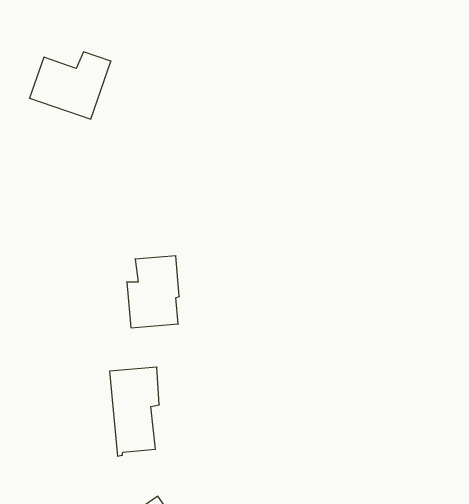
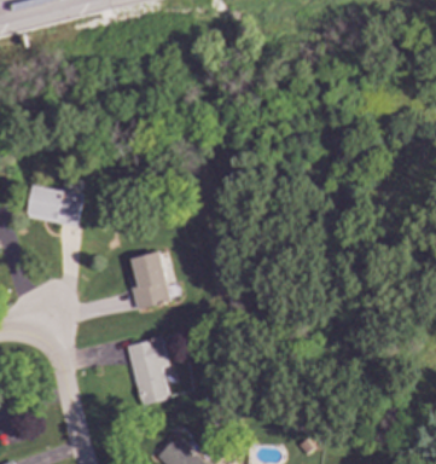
building: [29,52,111,119] -> [28,175,85,225]

